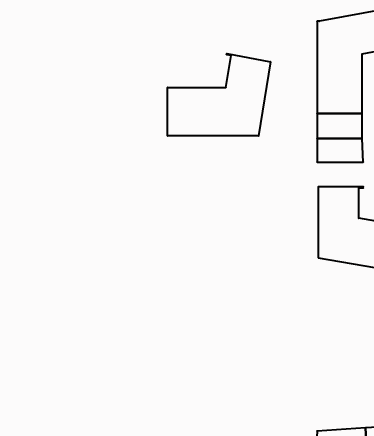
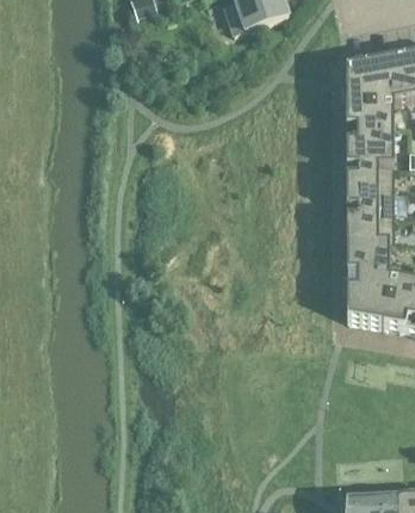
building: [168,54,270,136] -> none
building: none -> [347,214,396,240]

